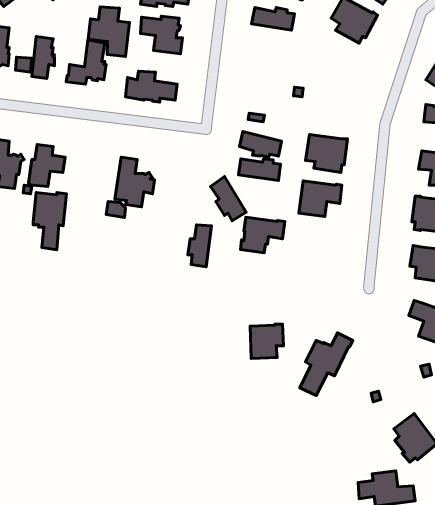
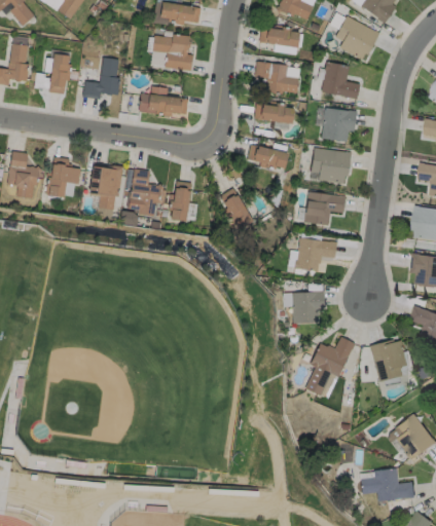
building: [88,7,129,57] -> none
building: none -> [255,61,299,96]
building: none -> [321,61,360,99]
building: none -> [322,108,357,141]
building: [239,159,281,180] -> [254,103,294,123]
building: [33,193,66,250] -> [90,164,122,219]
building: [241,217,285,253] -> [295,237,337,271]
building: [188,225,212,267] -> [169,181,191,221]
building: [250,324,284,359] -> [293,291,325,324]
building: none -> [370,339,407,382]

